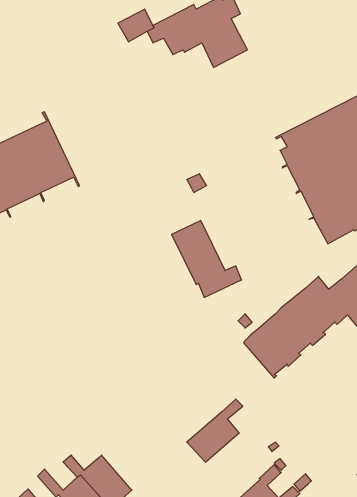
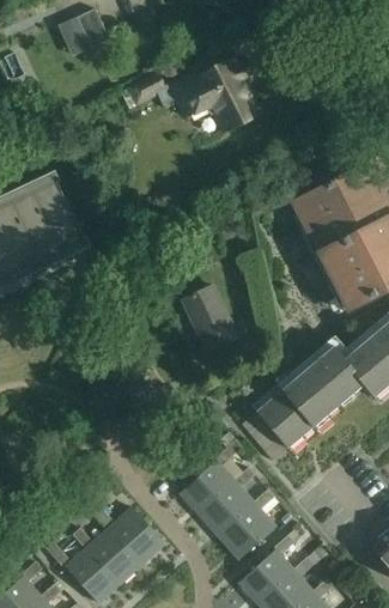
building: none -> [181,442,241,513]
building: none -> [217,490,274,559]
building: none -> [93,507,164,563]

